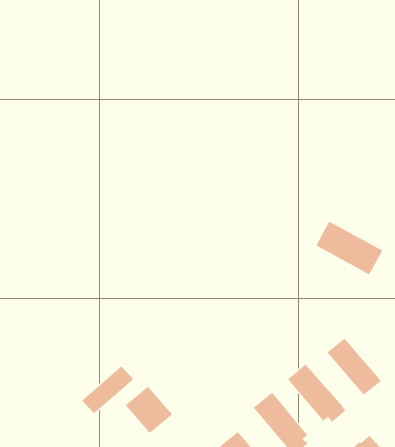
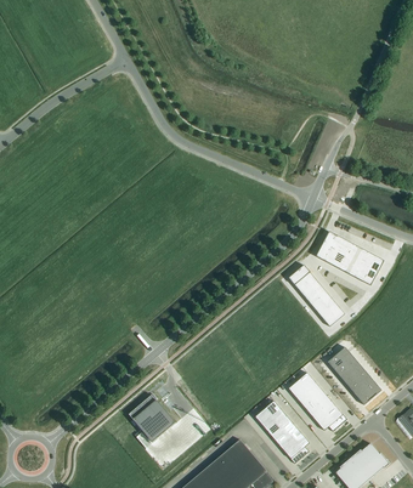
building: none -> [288,265,344,327]
building: [81,365,134,414] -> none

